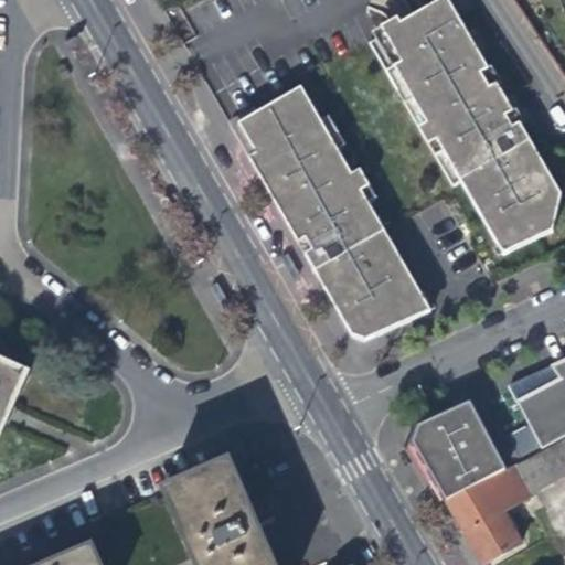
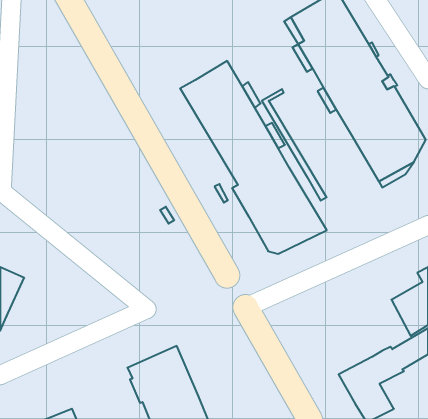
building: [228,106,313,253] -> [262,89,327,201]
building: [413,403,503,498] -> none

